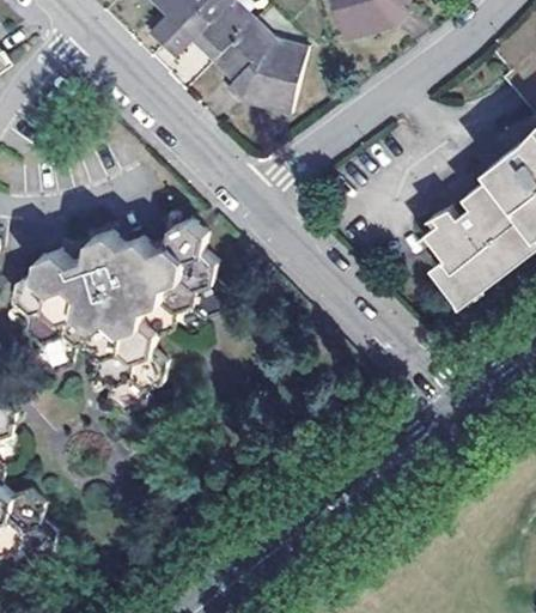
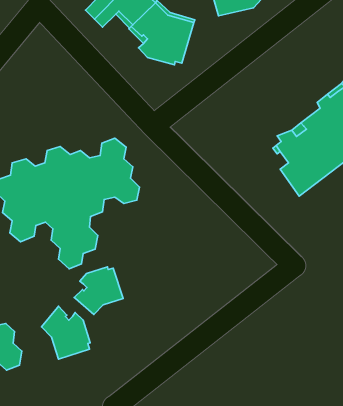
building: none -> [74,267,123,315]
building: none -> [42,306,90,359]

